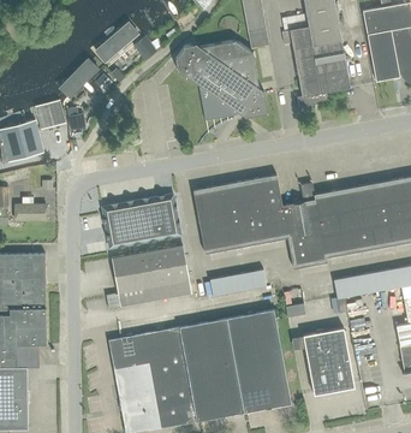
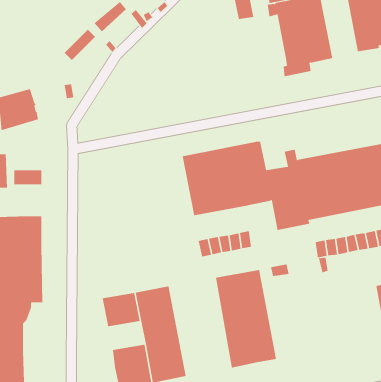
building: [175,40,268,120] -> none
building: [35,101,61,130] -> none
building: [102,194,180,248] -> none
building: [106,244,191,309] -> none
building: [179,318,244,421] -> none
building: [303,327,355,393] -> none
building: [114,363,154,393] -> none

